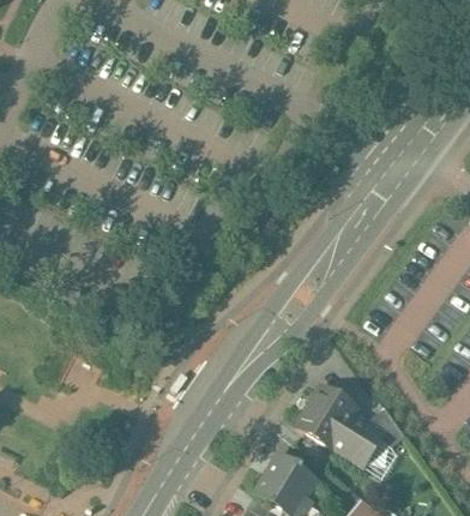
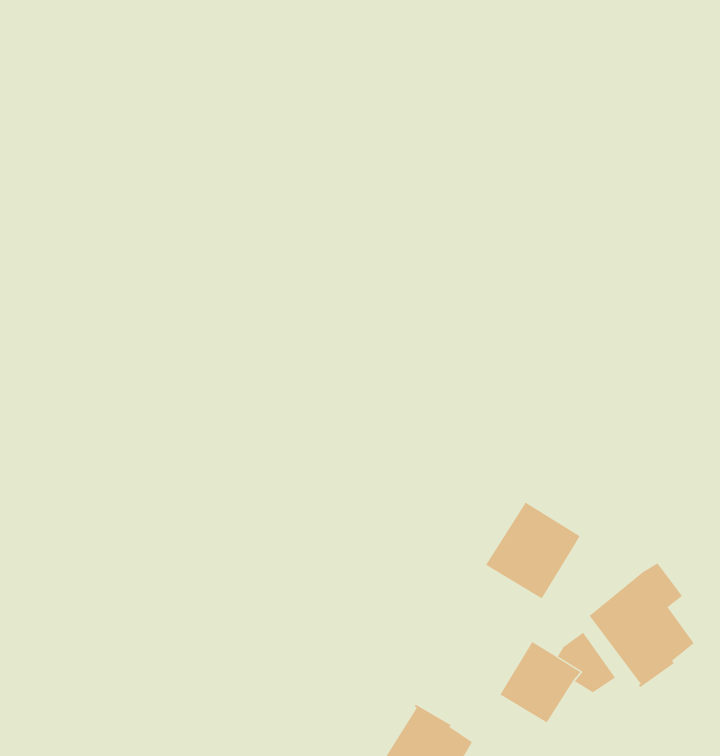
building: none -> [589,562,694,688]
building: [295,386,355,448] -> [485,502,580,599]

